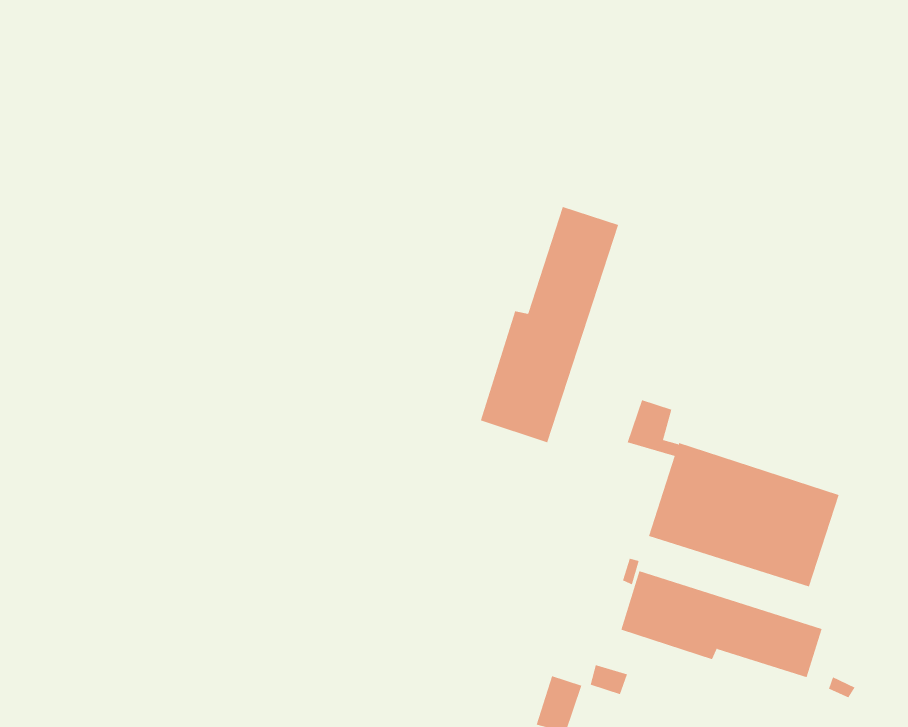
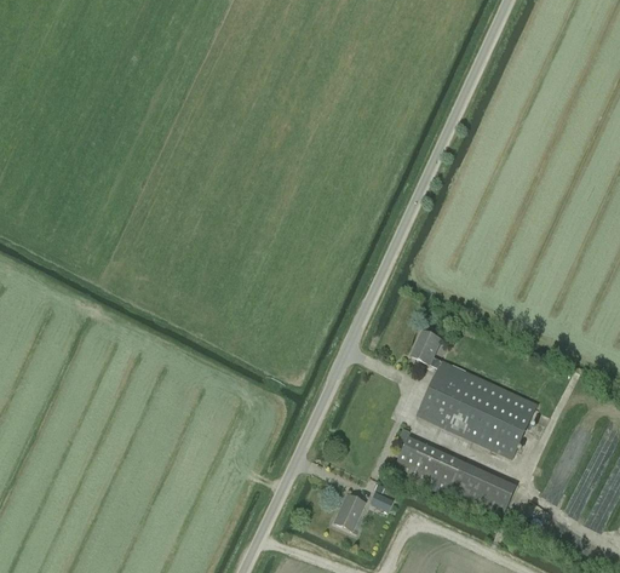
building: [480,206,619,443] -> none

